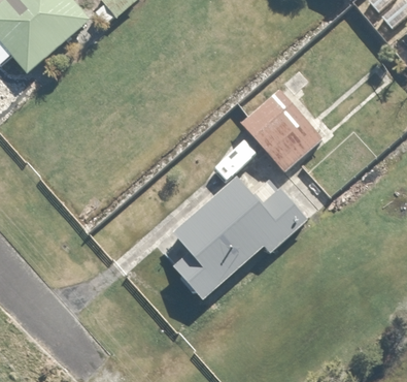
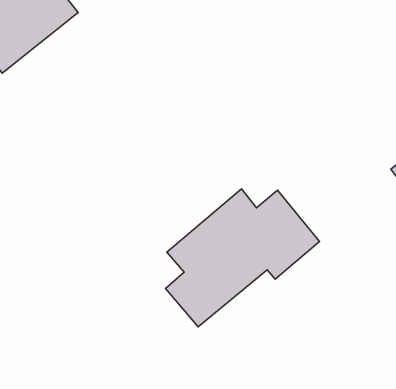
building: [238,86,323,172] -> none

